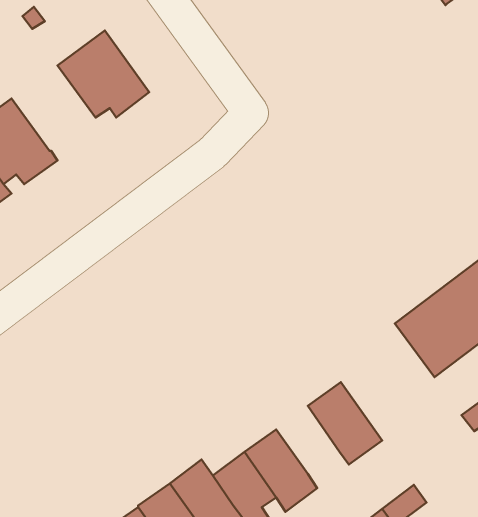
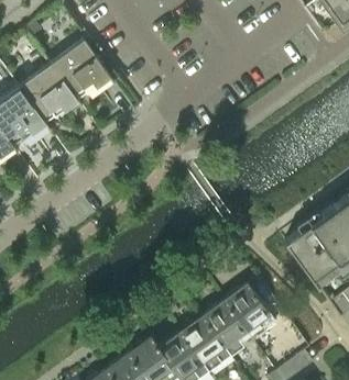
building: none -> [20,62,84,121]
building: none -> [204,298,248,355]

